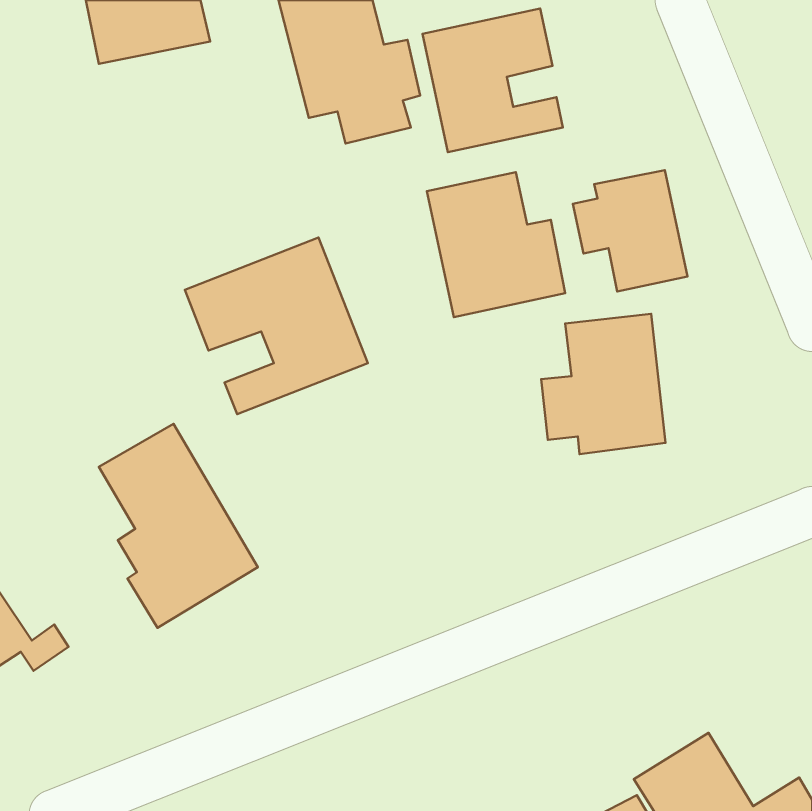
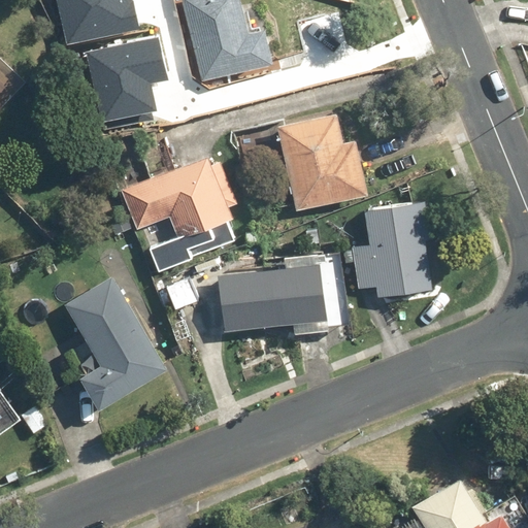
building: [422,9,563,152] -> none
building: none -> [86,40,168,127]
building: [573,170,688,292] -> none
building: none -> [192,250,348,352]

